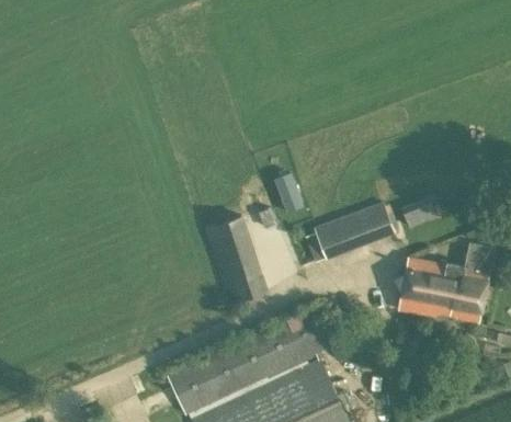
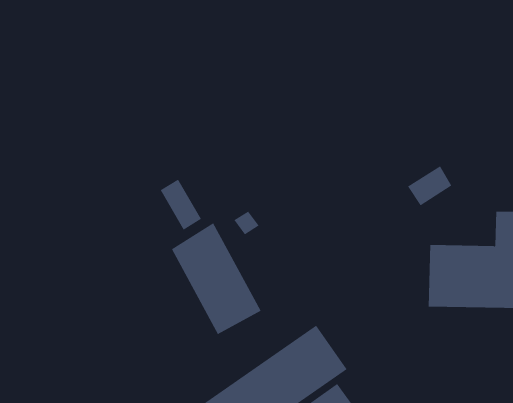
building: [273,170,303,212] -> [160,179,202,230]
building: [305,204,394,264] -> none

